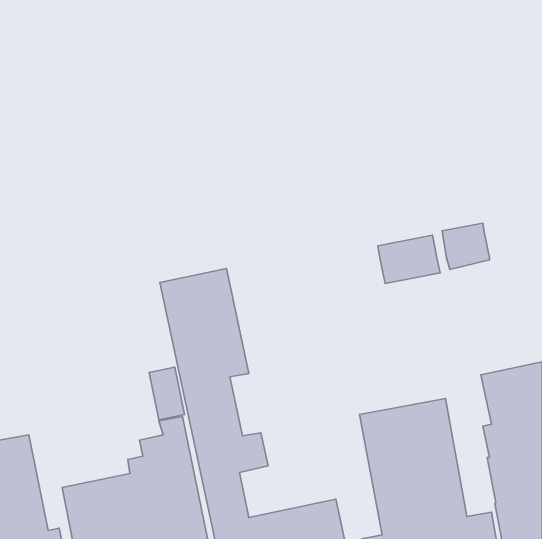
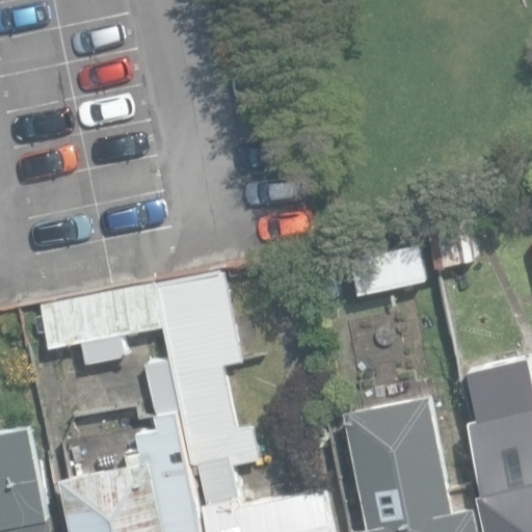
building: none -> [38,285,161,367]

